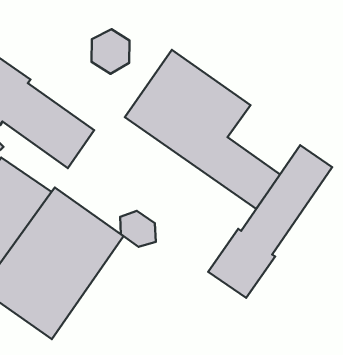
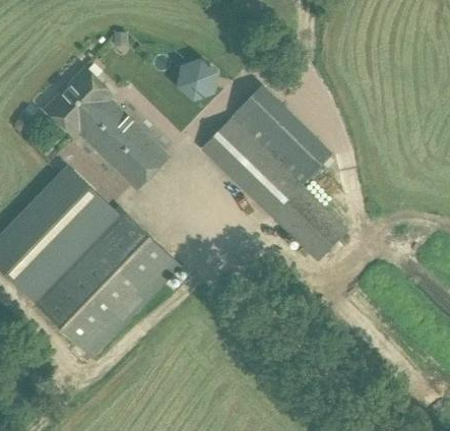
building: [208,145,332,298] -> none
building: [120,211,156,247] -> none

